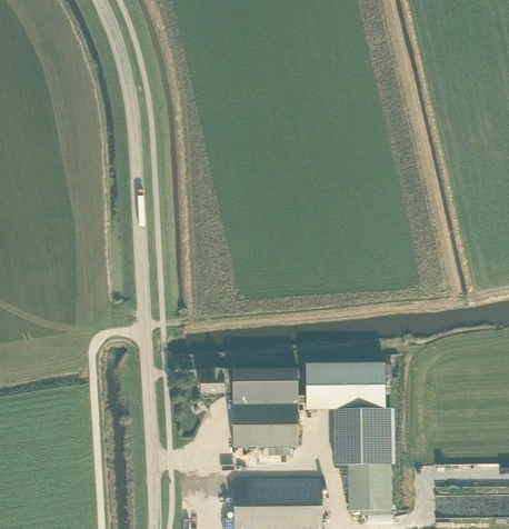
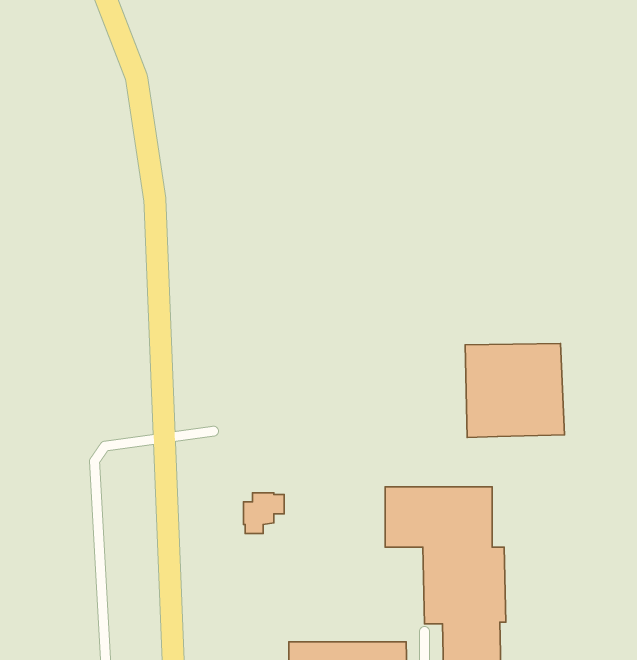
building: none -> [465,343,564,437]
building: [233,368,302,461] -> none

